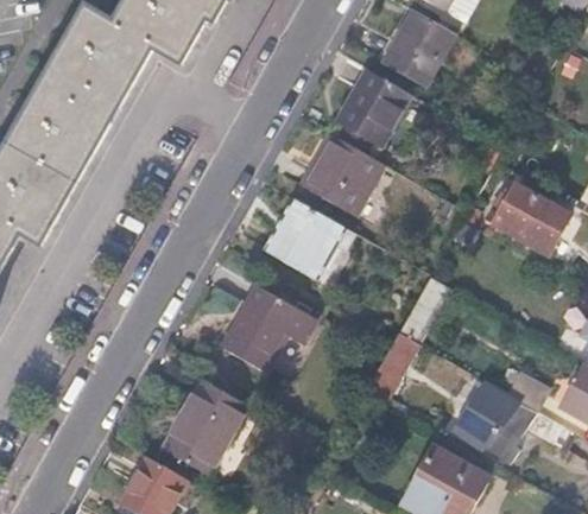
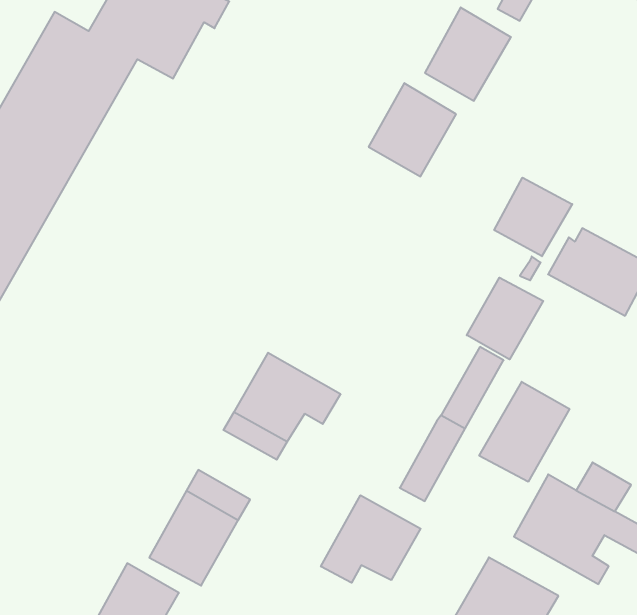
building: [301,133,381,214] -> none
building: none -> [494,178,572,256]
building: [265,197,347,280] -> none
building: none -> [467,278,543,359]
building: none -> [479,382,569,482]
building: none -> [321,495,421,583]

